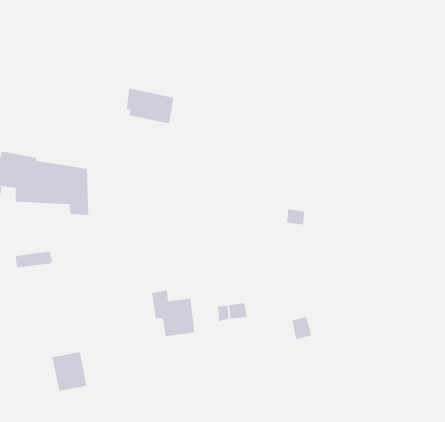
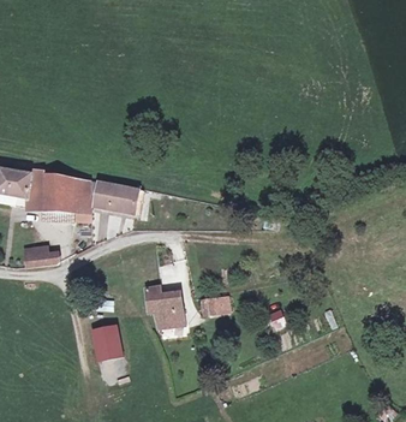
building: [126,88,174,124] -> [96,182,138,213]
building: [52,352,87,391] -> [92,326,124,361]

